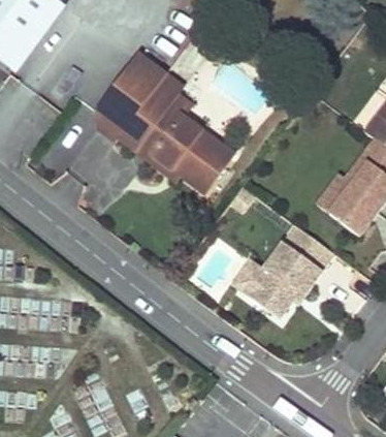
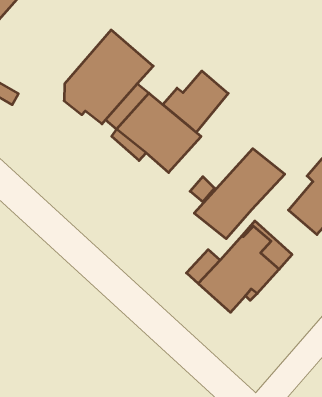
building: none -> [163,71,228,132]
building: none -> [194,149,285,239]

